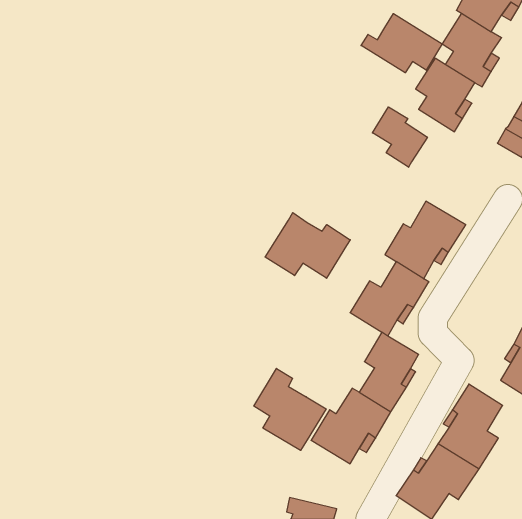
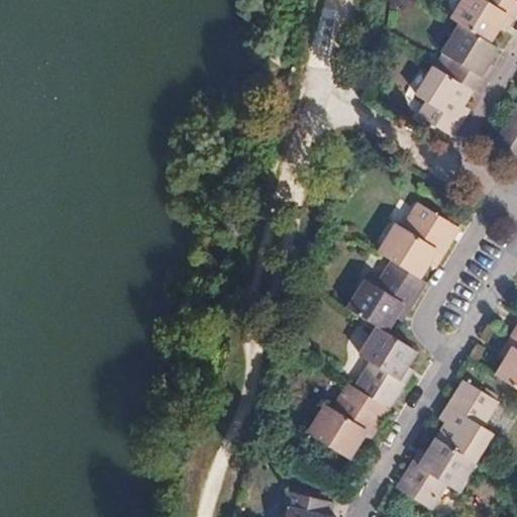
building: [361,14,442,73] -> none
building: [372,107,427,167] -> none
building: [265,213,350,278] -> none
building: [254,368,326,450] -> none

